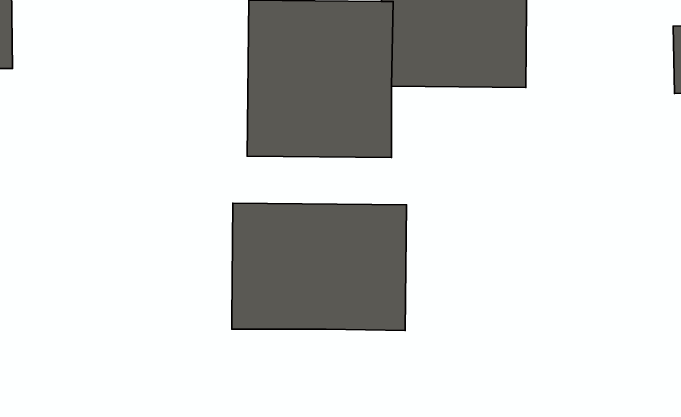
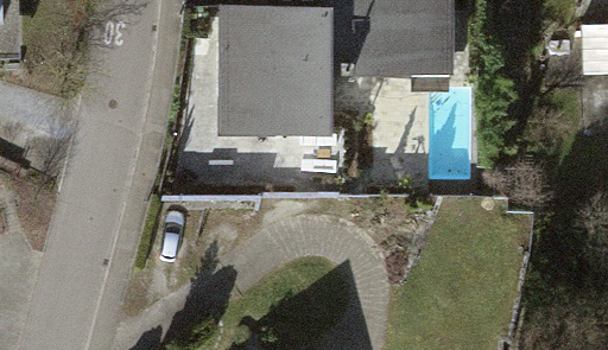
building: [232,203,406,331] -> none

